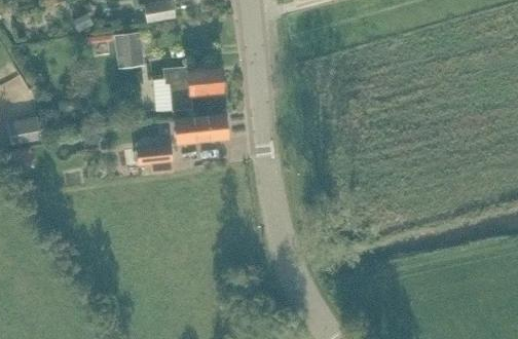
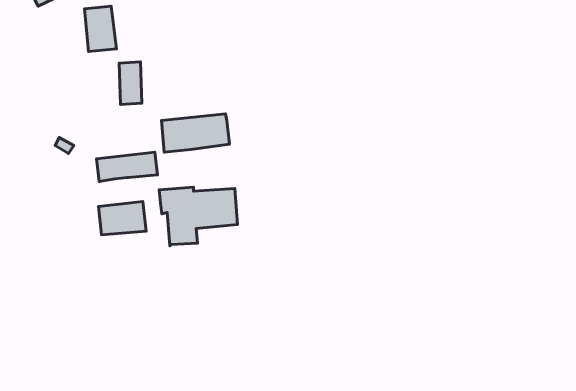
building: [163,66,224,111] -> [159,187,237,246]
building: none -> [98,201,146,235]

